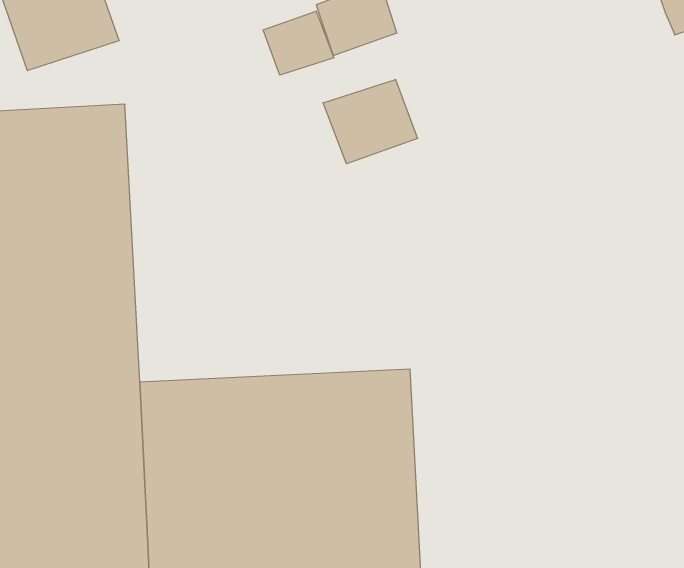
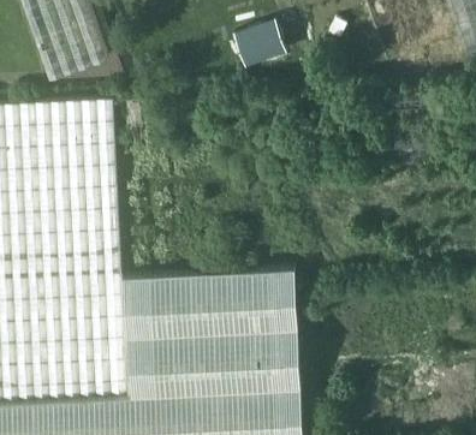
building: [263,11,334,75] -> none
building: [323,79,418,164] -> none

